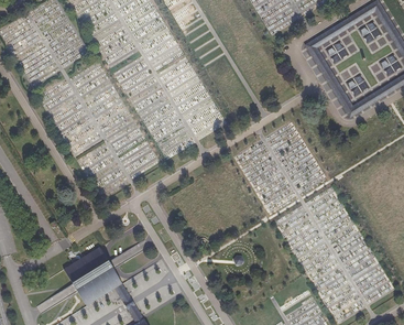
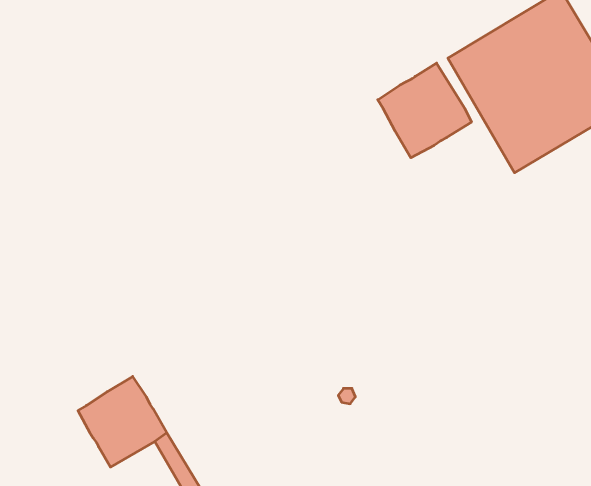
building: none -> [378,63,471,158]

